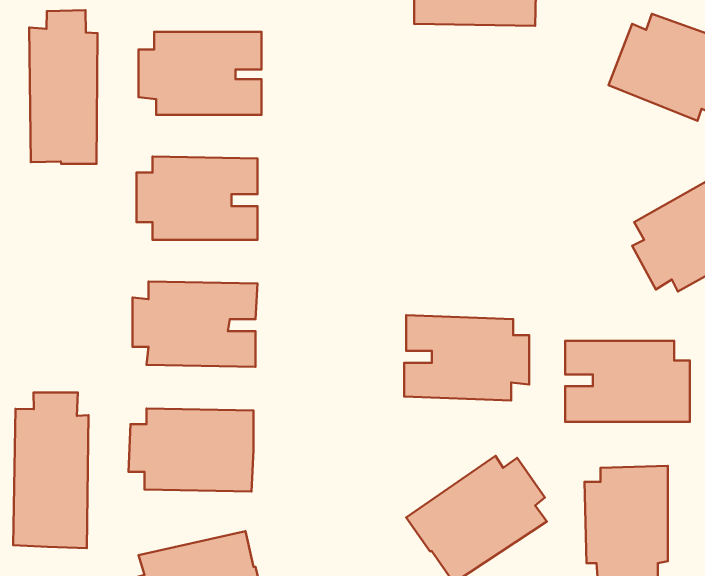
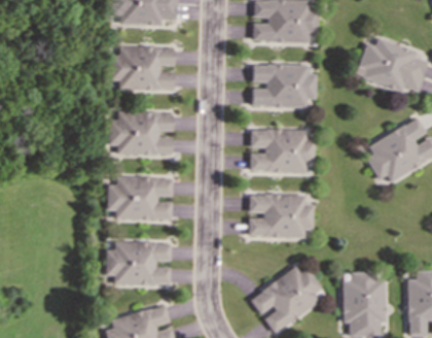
building: [29,10,98,164] -> none
building: none -> [252,63,316,106]
building: [565,341,690,422] -> [250,129,315,171]
building: [13,393,89,548] -> none

